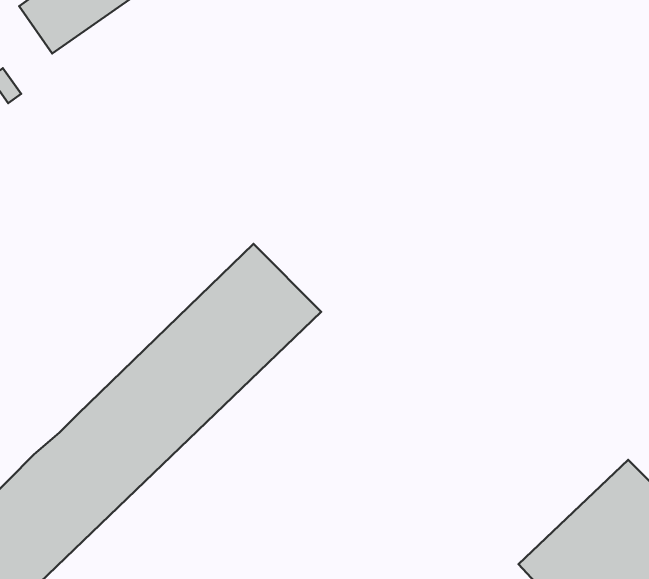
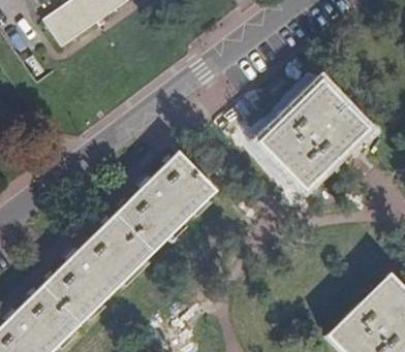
building: none -> [259,79,371,189]

